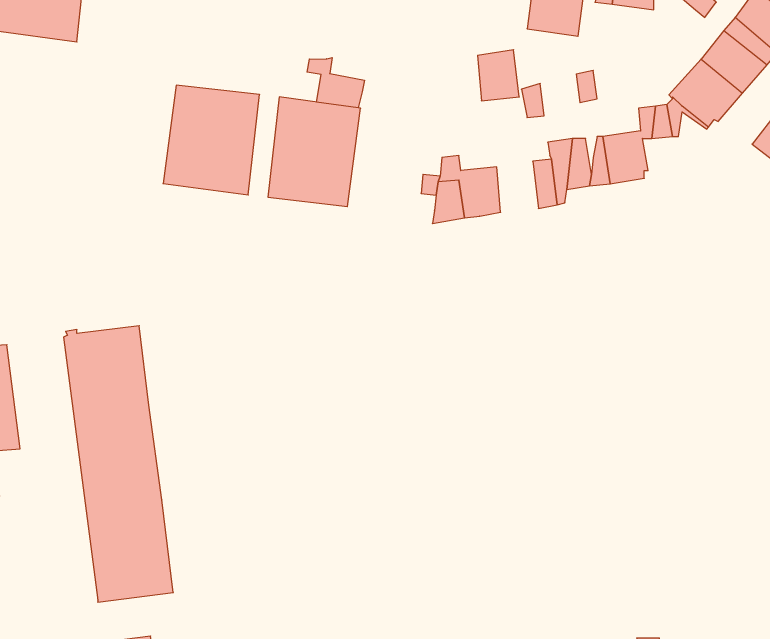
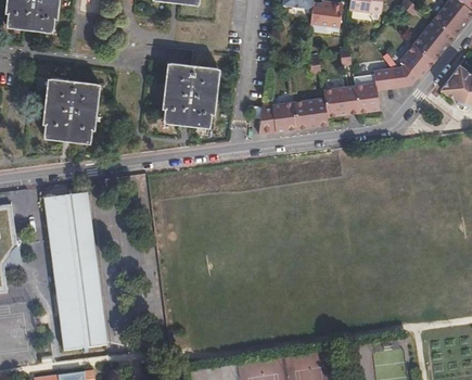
building: [478,50,519,101] -> [294,99,318,128]
building: [307,58,364,108] -> none
building: [163,85,260,195] -> [41,78,97,141]

